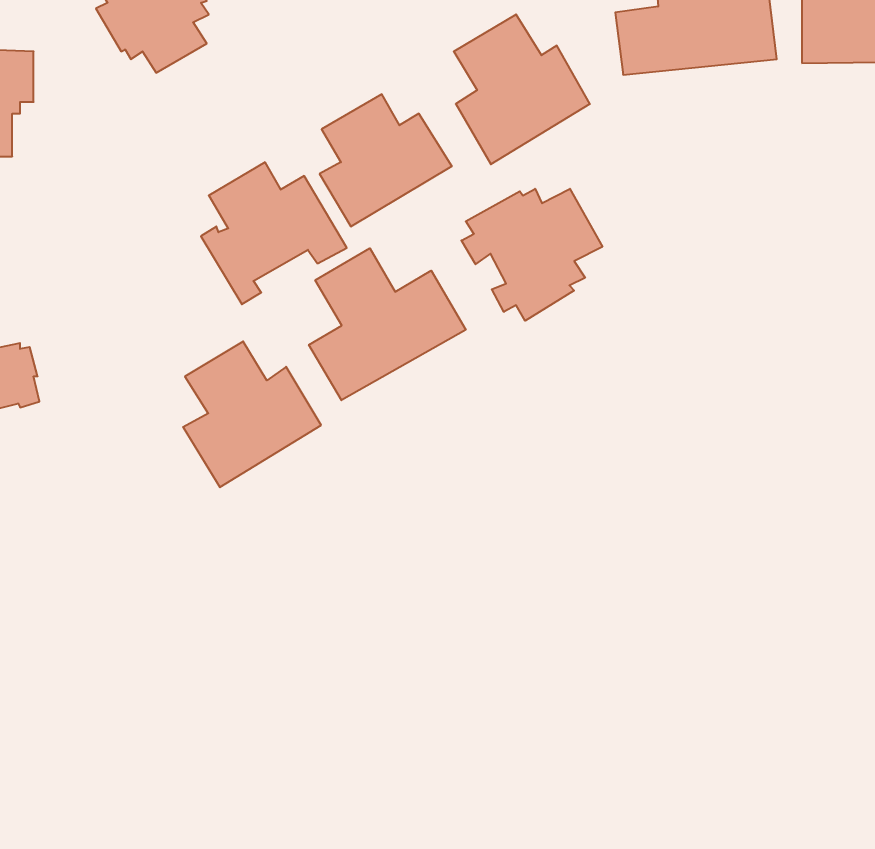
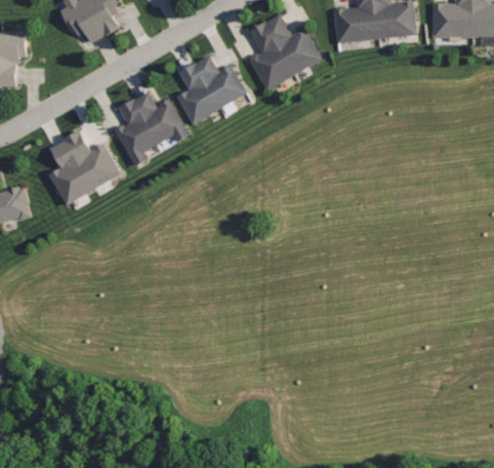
building: [461,189,602,321] -> none
building: [309,248,466,400] -> none
building: [183,341,321,487] -> [49,129,122,206]

